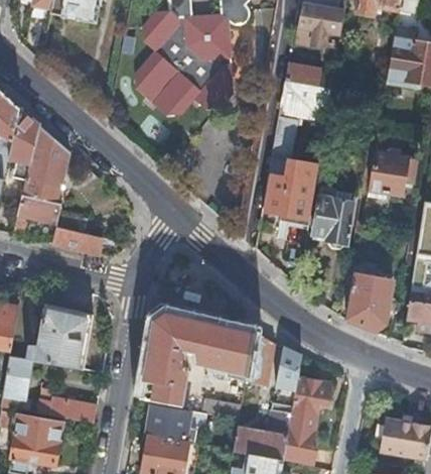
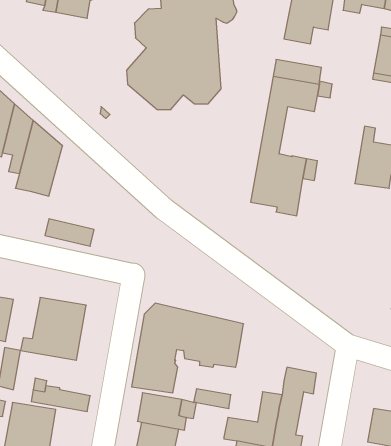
building: [12,195,60,234] -> none
building: [312,195,353,248] -> none
building: [346,274,392,331] -> none
building: [248,334,275,377] -> none
building: [277,348,303,392] -> none

